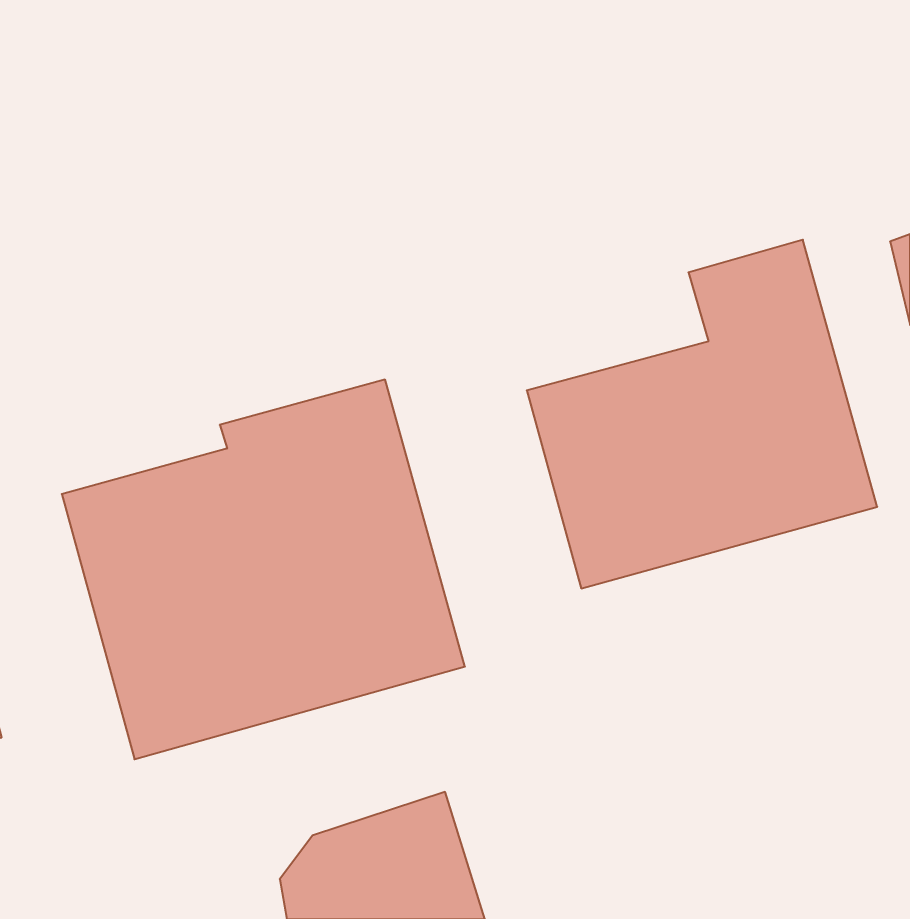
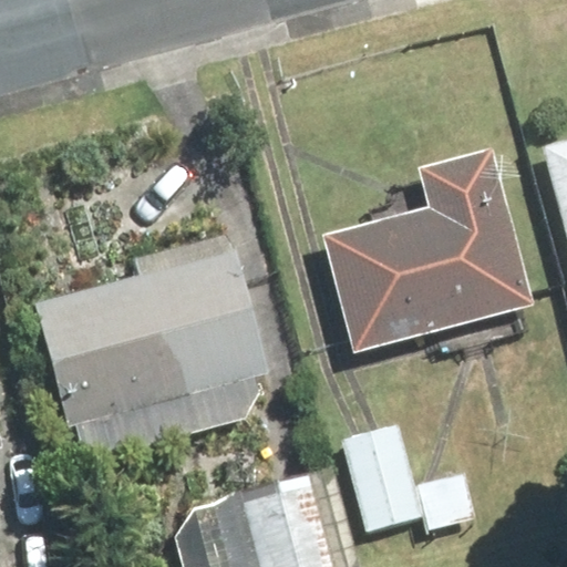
building: none -> [334,420,474,538]

